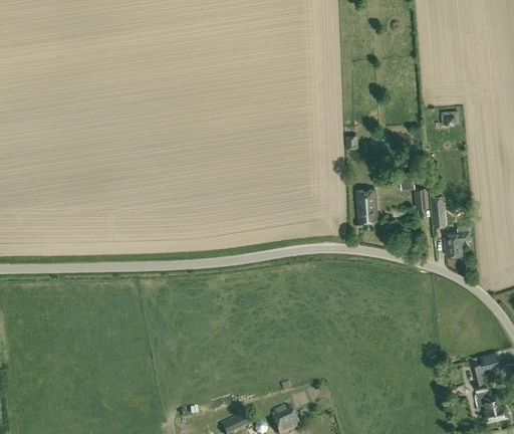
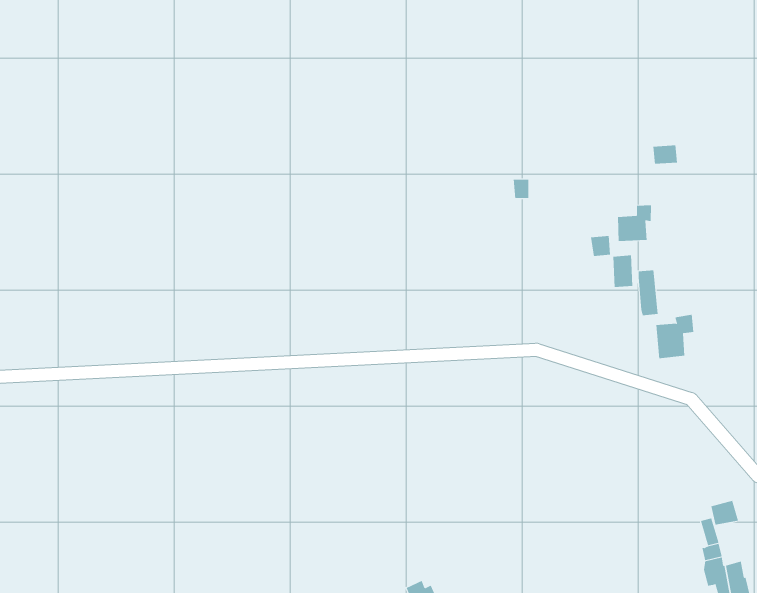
building: none -> [617,204,652,242]
building: [356,189,377,221] -> none

